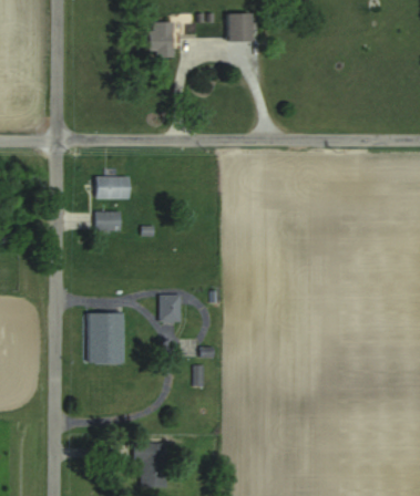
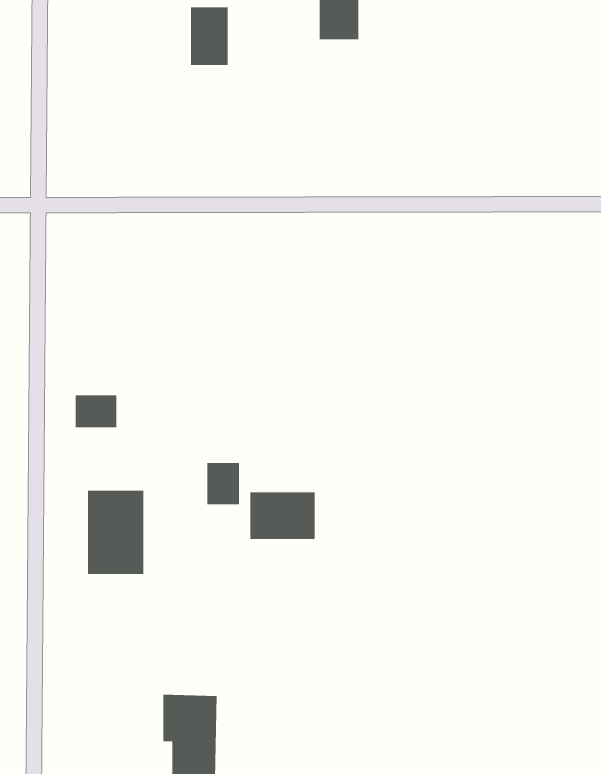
building: [95,177,130,199] -> none
building: [95,211,121,231] -> [75,395,117,428]
building: none -> [250,492,315,540]

